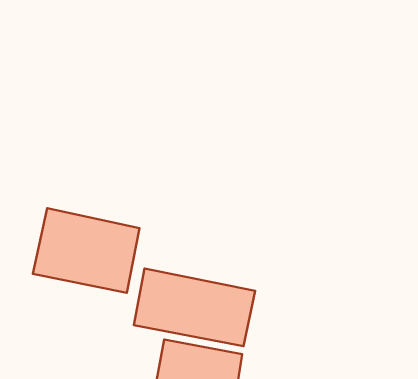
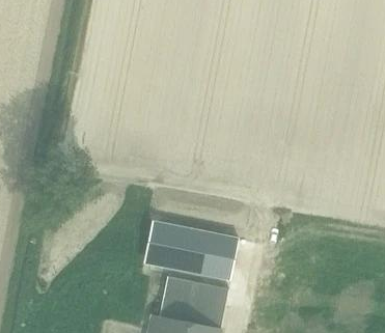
building: [33,208,140,293] -> none

